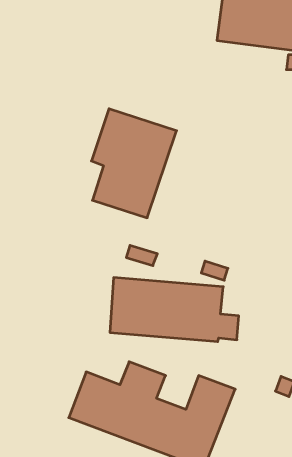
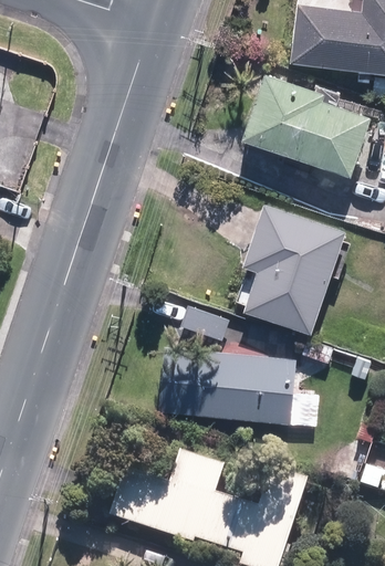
building: none -> [242,72,370,174]
building: [91,109,177,218] -> [243,202,346,334]

